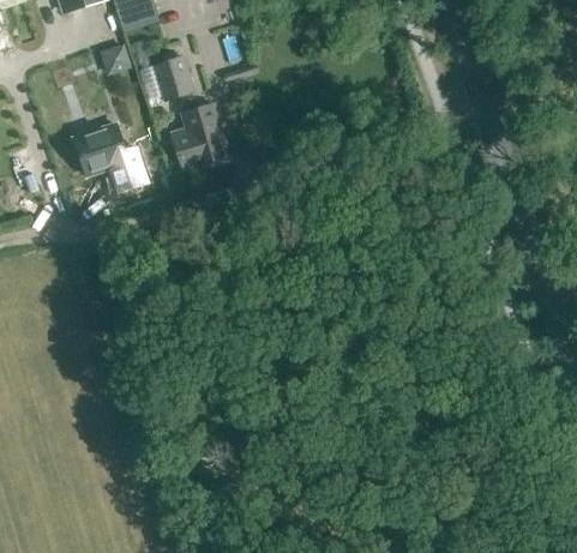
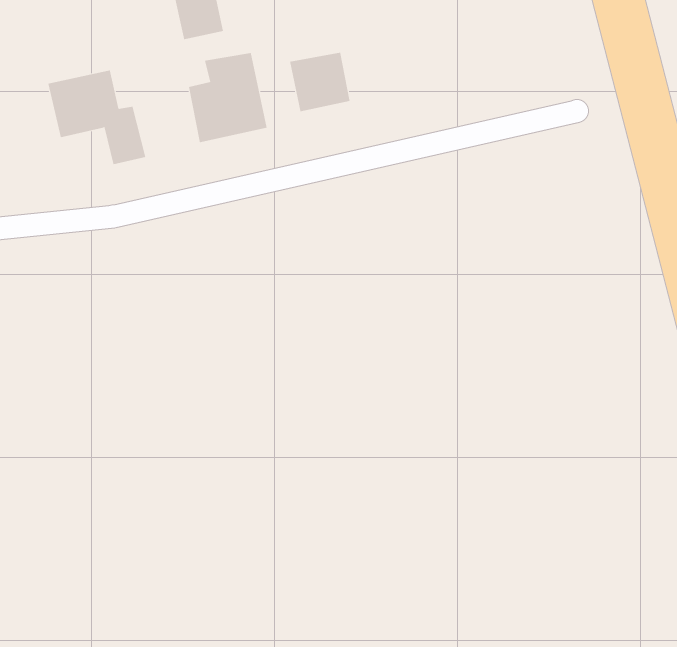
building: none -> [289,52,350,112]

